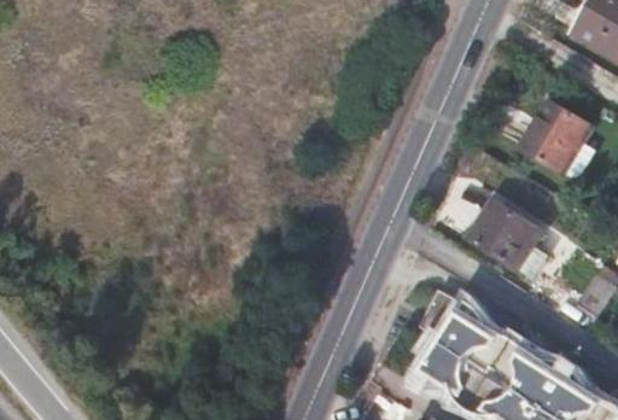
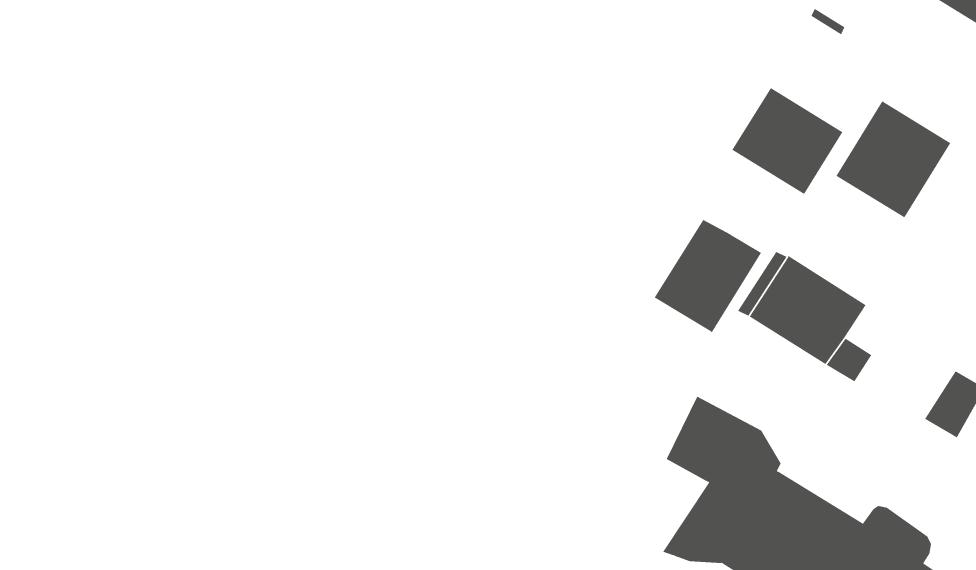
building: none -> [732,87,843,195]
building: none -> [654,219,762,334]

